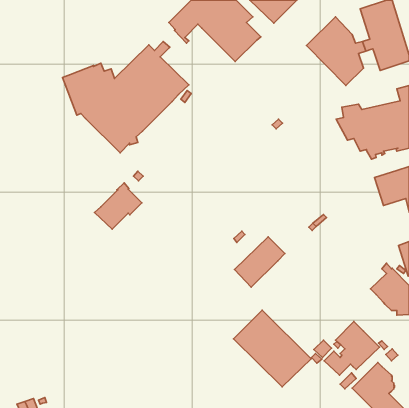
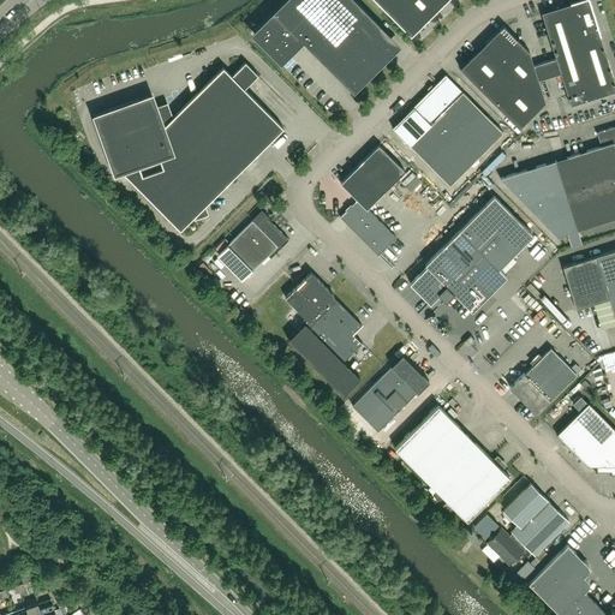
building: none -> [392,76,503,186]
building: none -> [340,145,405,256]
building: none -> [410,197,532,312]
building: none -> [285,273,362,395]
building: [95,183,142,229] -> [217,210,288,280]
building: none -> [509,348,577,416]
building: [233,310,311,387] -> [394,406,510,521]

